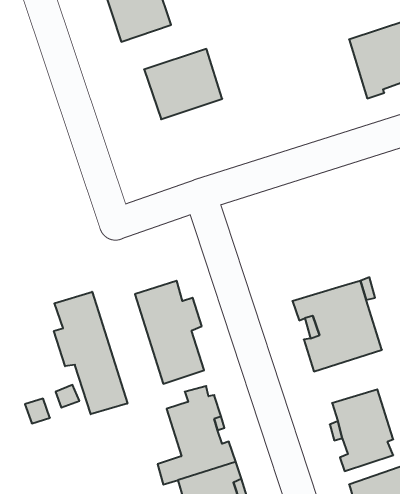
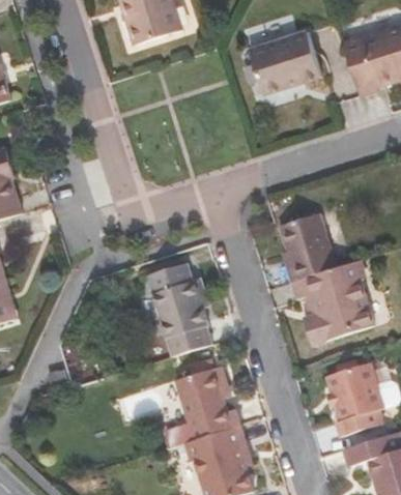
building: [144,49,222,119] -> [250,30,321,94]
building: none -> [278,212,337,281]
building: [54,292,127,414] -> none

